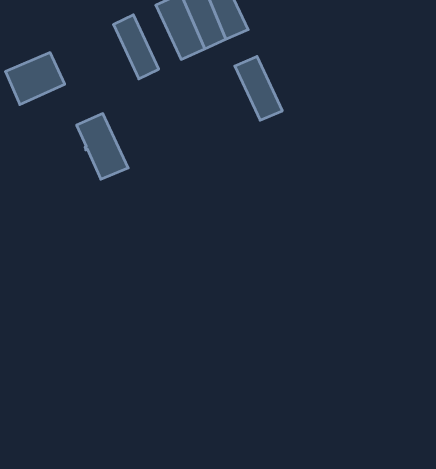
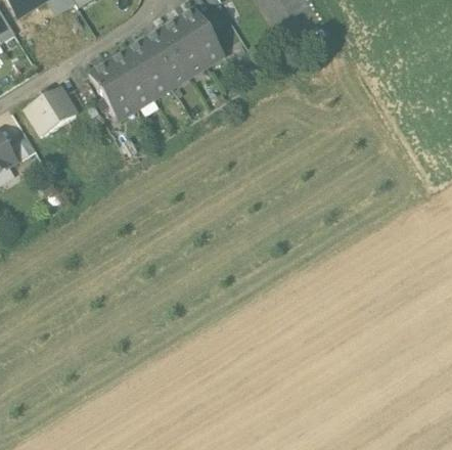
building: [235,56,282,120] -> [126,39,170,91]
building: [77,114,128,179] -> [90,59,137,114]

